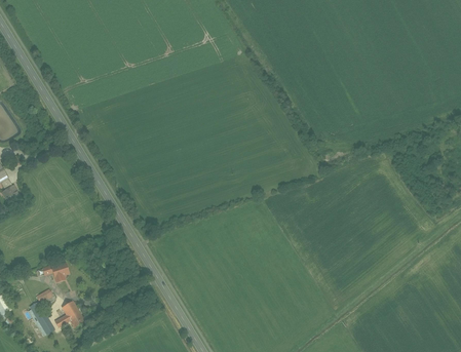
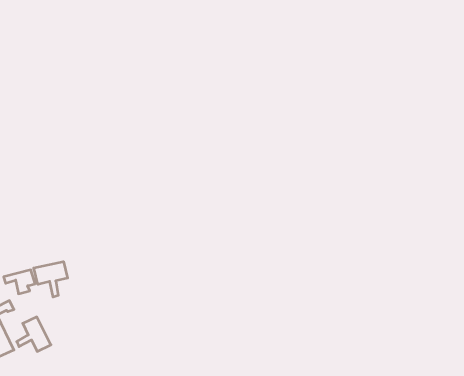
building: none -> [34,262,68,297]

